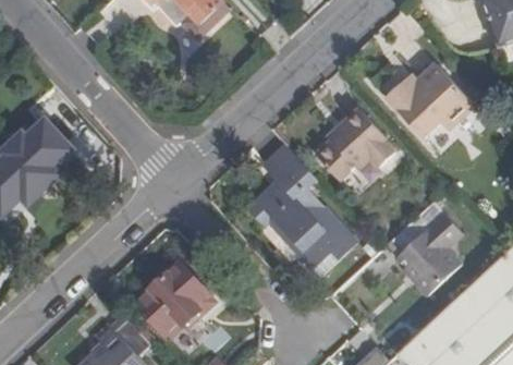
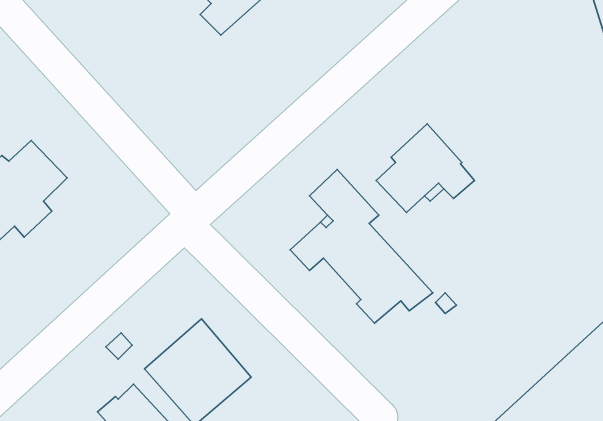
building: [381,61,475,143] -> none
building: [389,203,463,295] -> none

